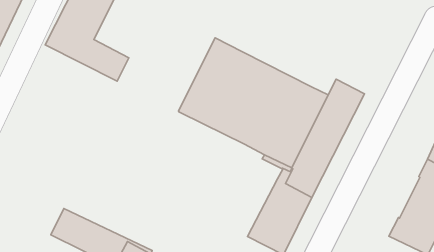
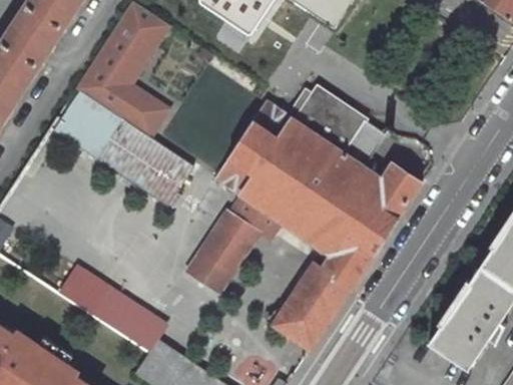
building: none -> [293,85,387,167]
building: none -> [50,84,194,208]
building: none -> [186,194,283,293]

